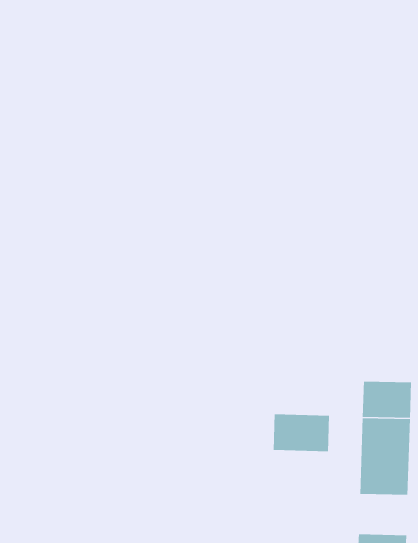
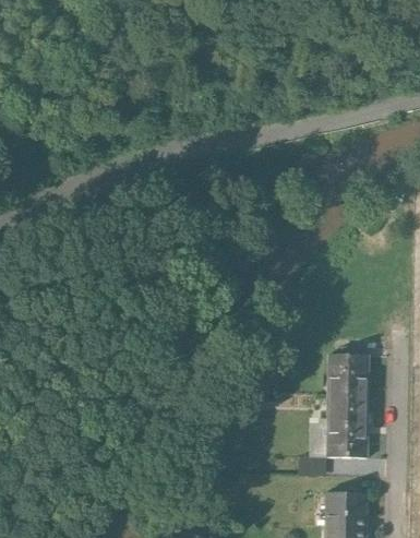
building: [273,414,330,452] -> none

